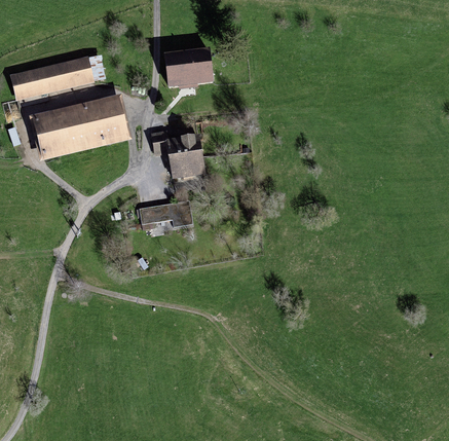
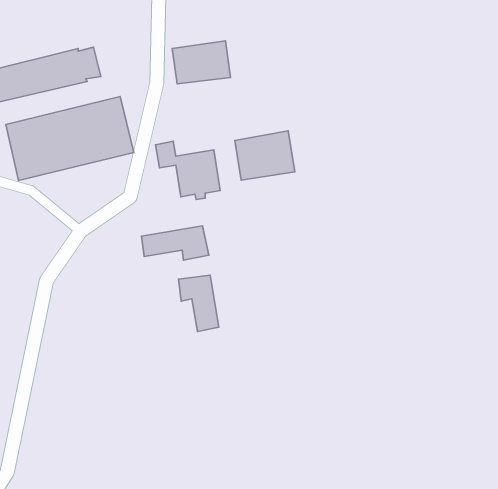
building: none -> [235,131,295,180]
building: none -> [178,275,219,331]

